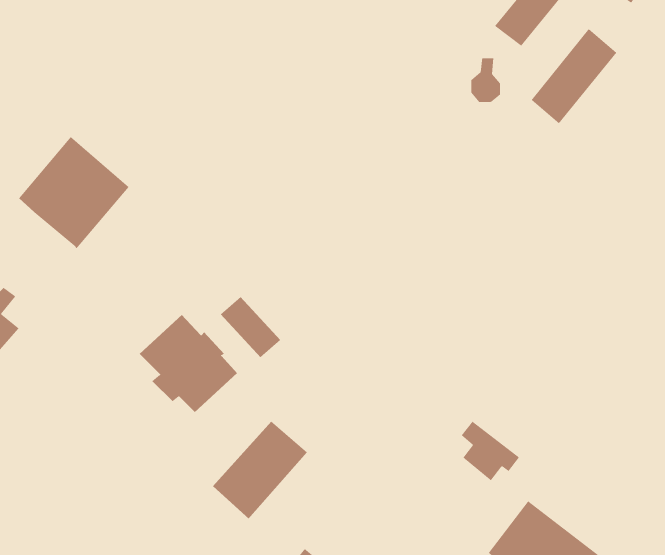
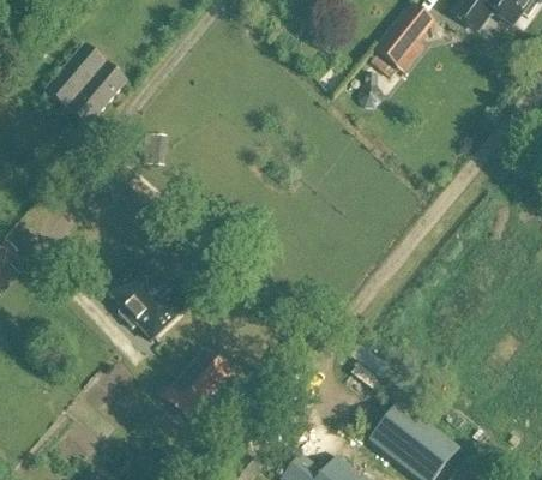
building: [531,28,617,124] -> none
building: [18,136,130,249] -> [46,43,130,128]
building: [220,296,281,358] -> none

